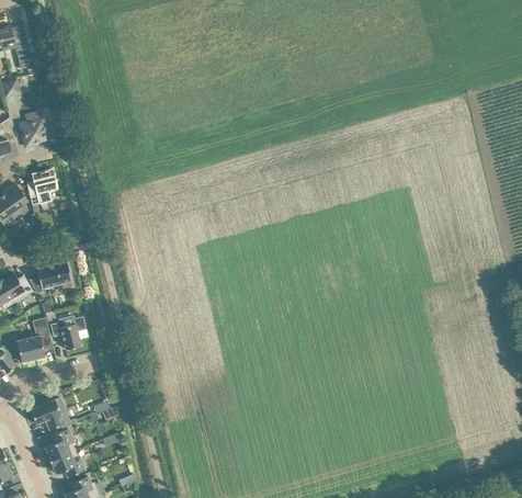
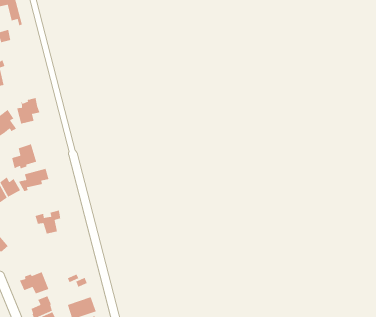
building: [19,116,45,146] -> none
building: none -> [11,143,37,169]
building: [15,317,52,361] -> none

